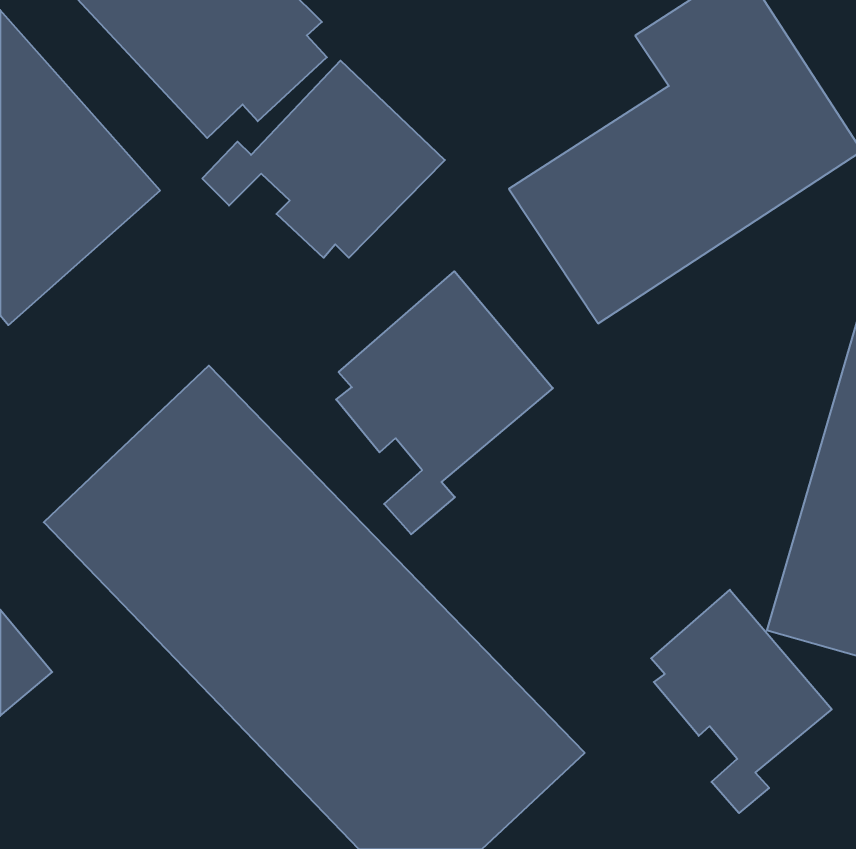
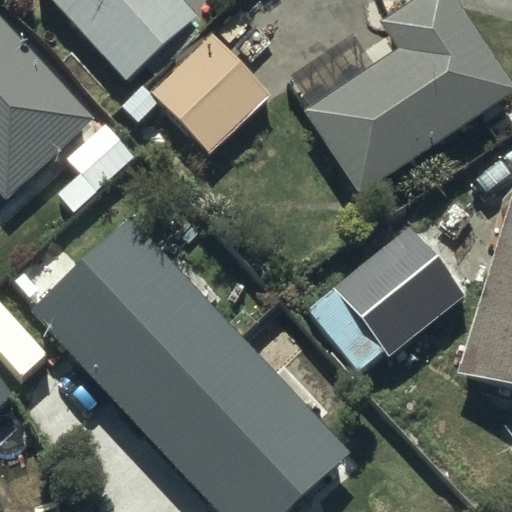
building: [336,271,553,534] -> none
building: none -> [304,239,442,373]
building: [651,590,832,813] -> none

